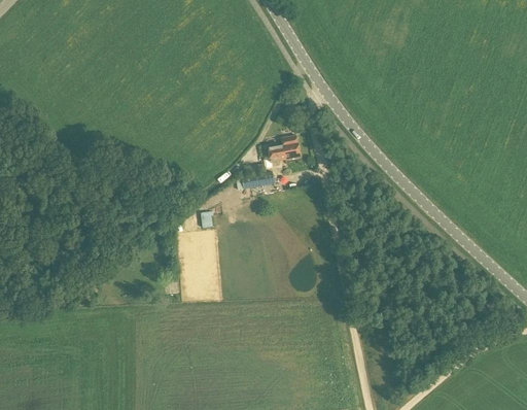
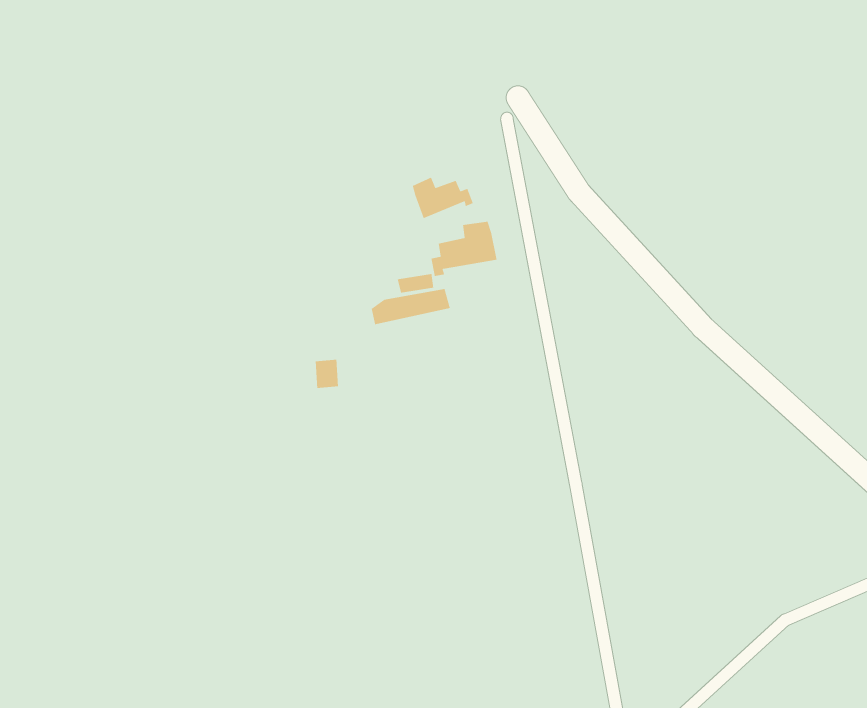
building: none -> [412,177,474,219]

